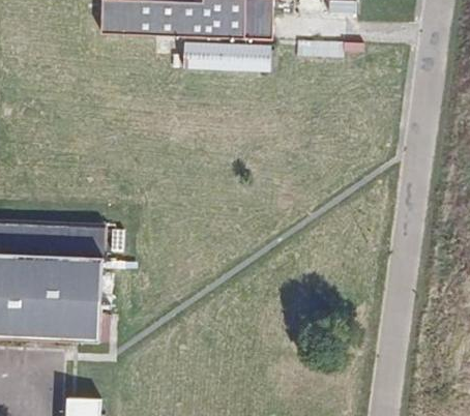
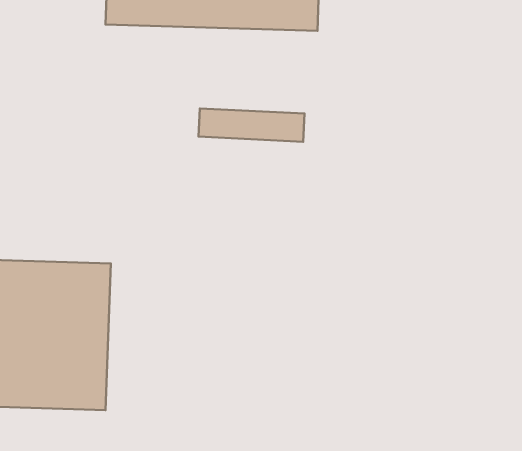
building: [183,42,269,69] -> [199,109,305,142]

